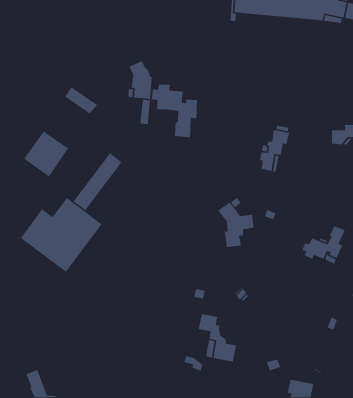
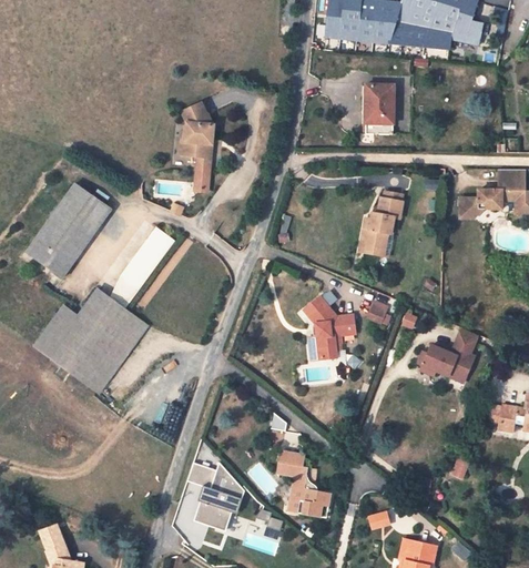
building: none -> [365,83,393,134]
building: [151,84,198,138] -> none
building: [64,86,98,115] -> [64,184,111,223]
building: none -> [26,237,72,277]
building: none -> [186,459,244,526]

